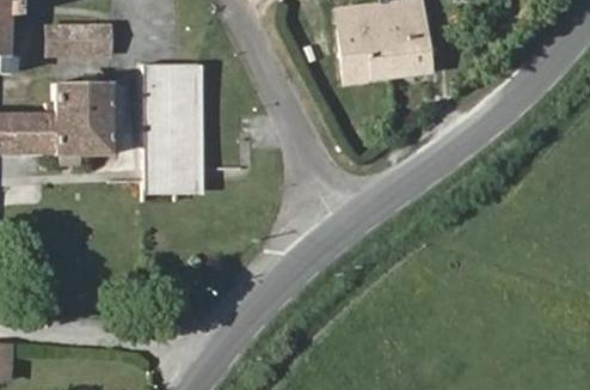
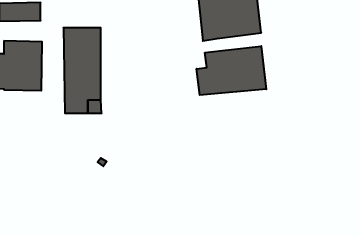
building: none -> [197,46,266,95]

